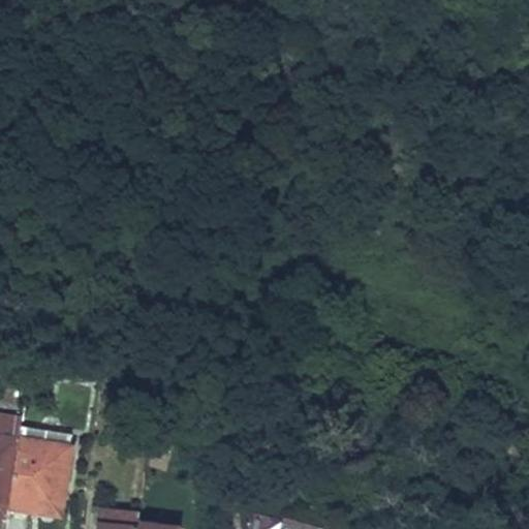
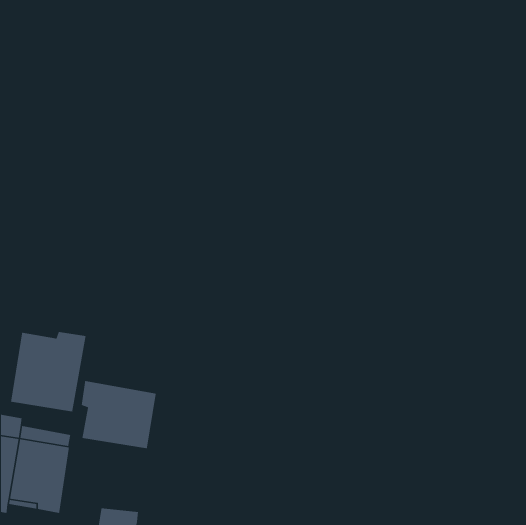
building: none -> [10,331,86,413]
building: none -> [81,380,157,449]

